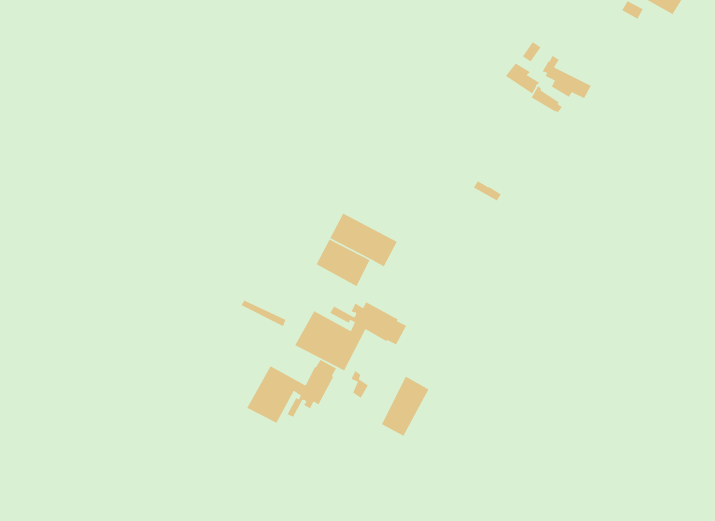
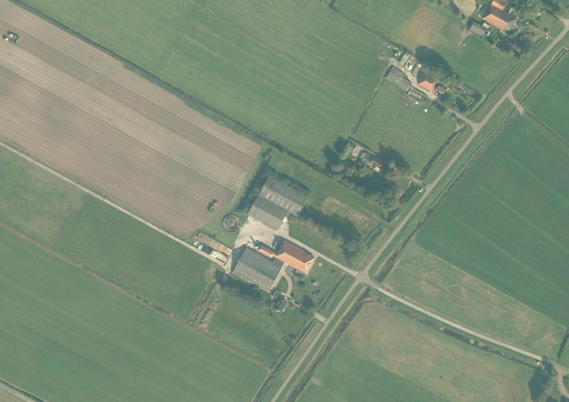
building: [246,359,337,424] -> none
building: [381,376,430,437] -> none

